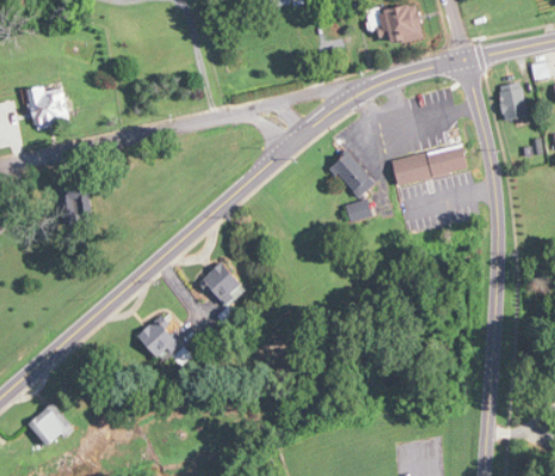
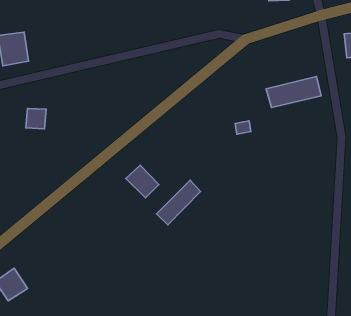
building: [331,152,377,198] -> none
building: none -> [156,180,200,225]
building: [136,317,191,365] -> none

